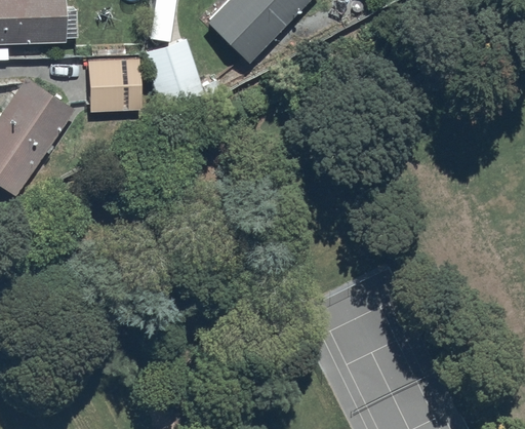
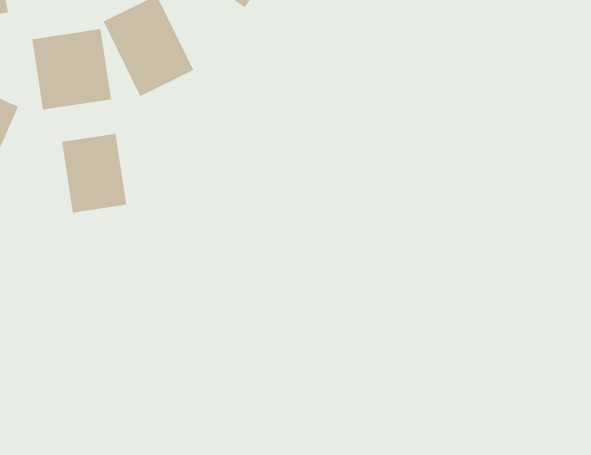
building: none -> [62,133,127,214]

